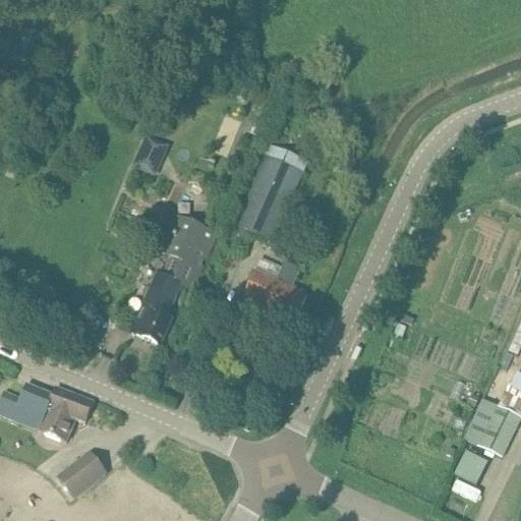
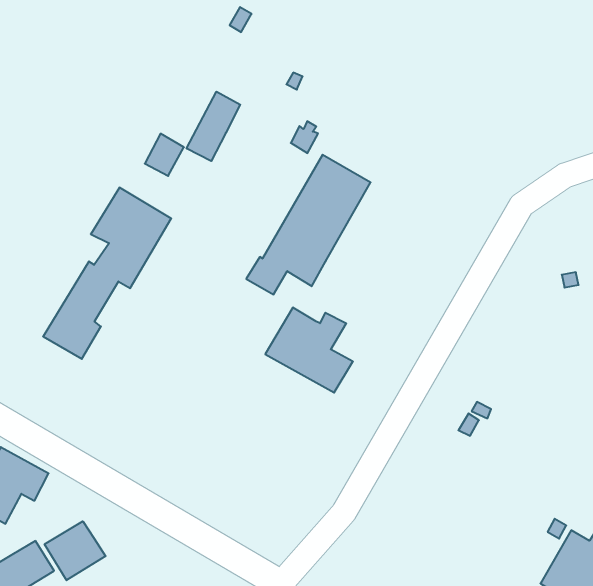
building: none -> [187,92,240,161]
building: [131,213,216,342] -> [43,188,171,359]
building: none -> [45,521,106,580]

